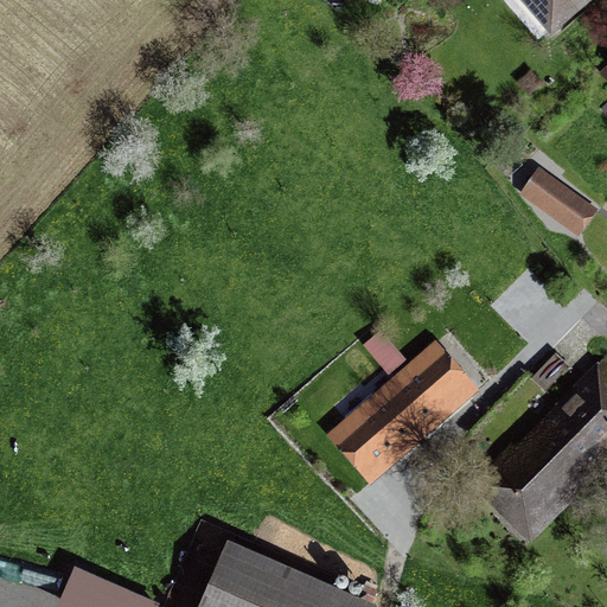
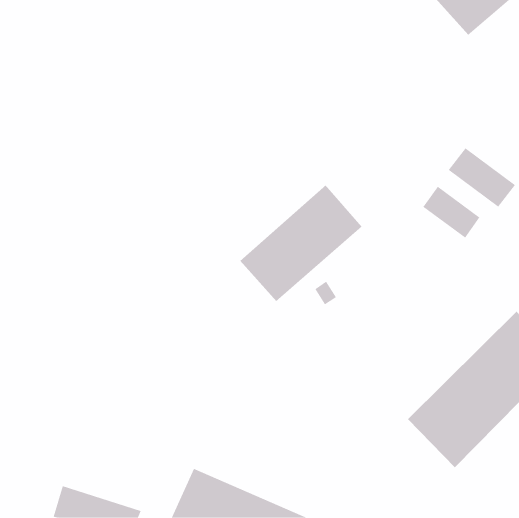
building: none -> [423,186,480,239]
building: [330,345,473,481] -> [239,185,363,302]

